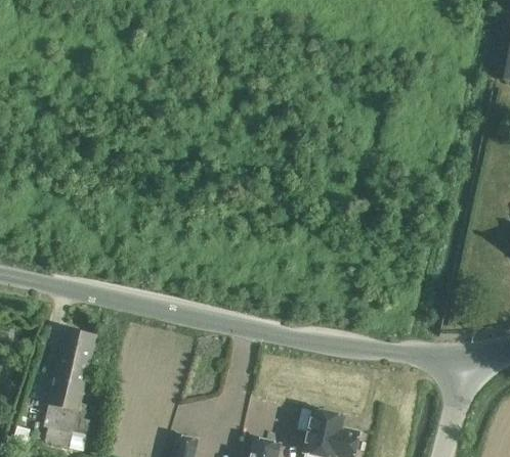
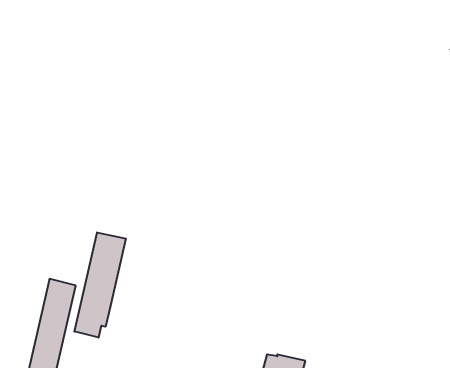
building: none -> [74,232,126,338]

